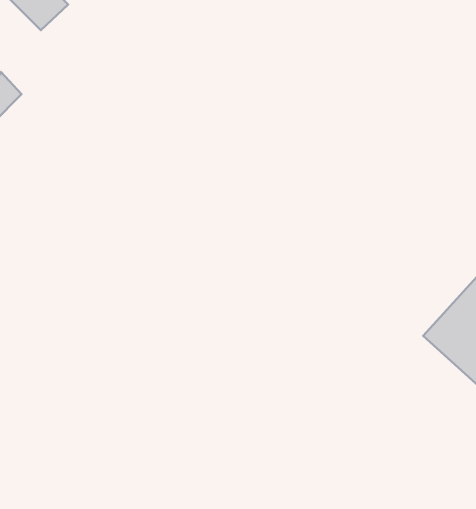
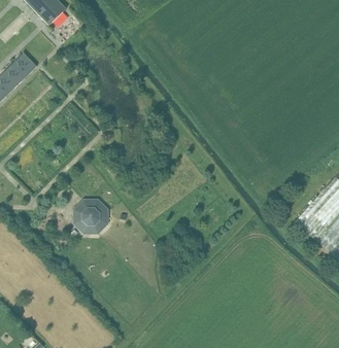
building: none -> [73,200,107,234]

